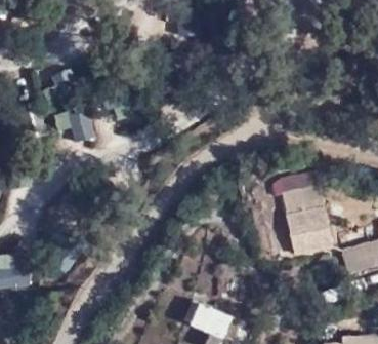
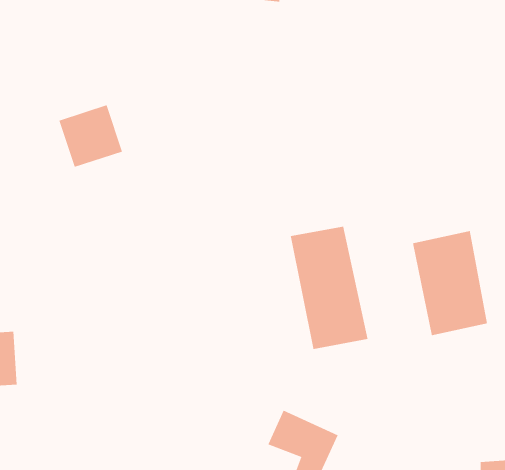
building: none -> [290,226,368,350]

